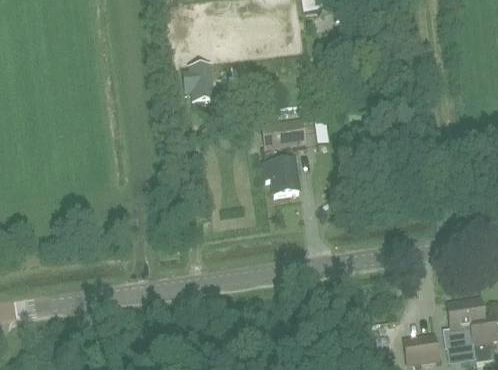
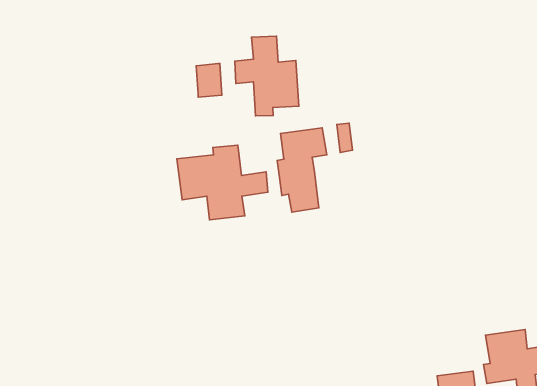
building: none -> [235,36,299,116]
building: none -> [177,145,268,220]

